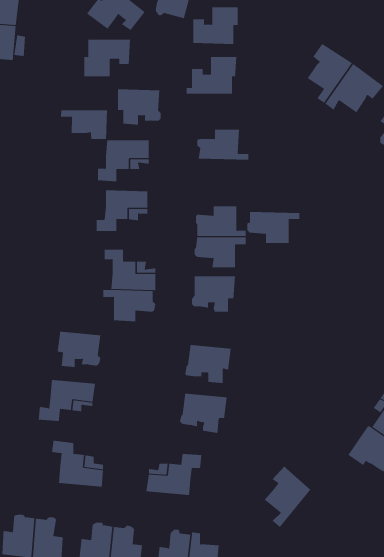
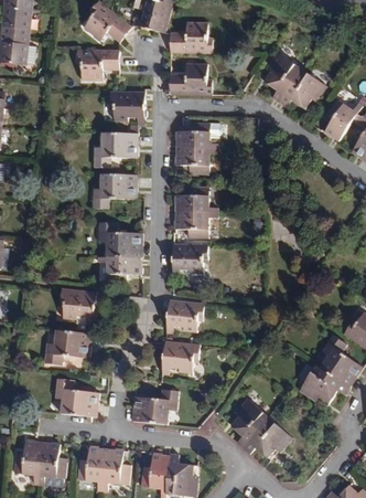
building: [61,109,108,140] -> none
building: [246,211,300,244] -> [174,147,218,173]
building: none -> [244,418,293,459]

